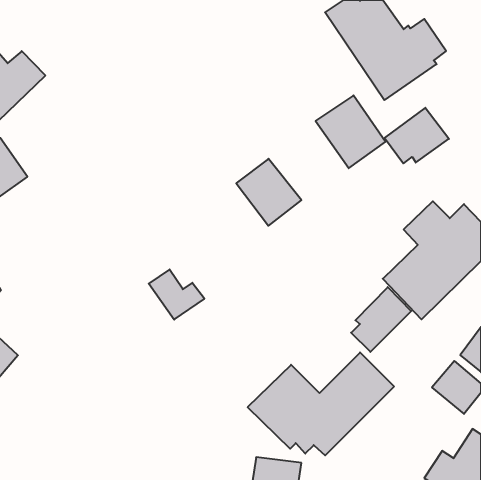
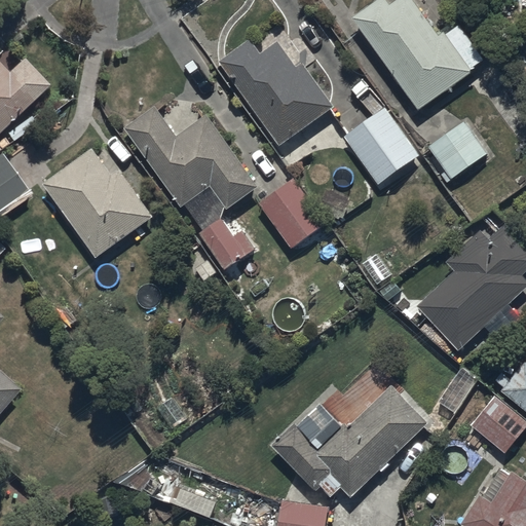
building: none -> [220,39,332,144]
building: none -> [122,106,257,206]
building: none -> [40,146,152,258]
building: [149,269,204,320] -> [197,216,258,270]
building: [351,287,411,352] -> none

